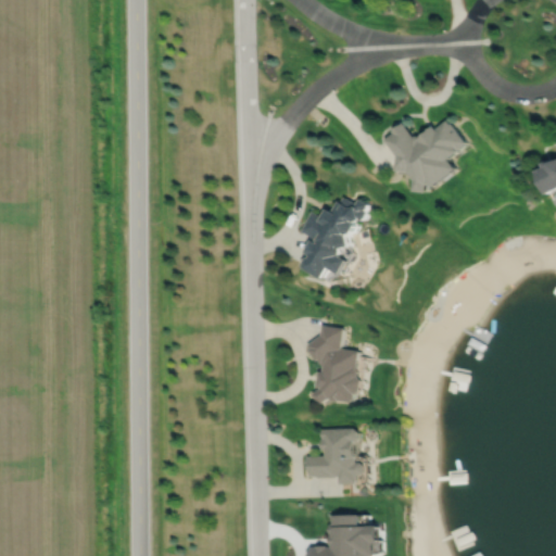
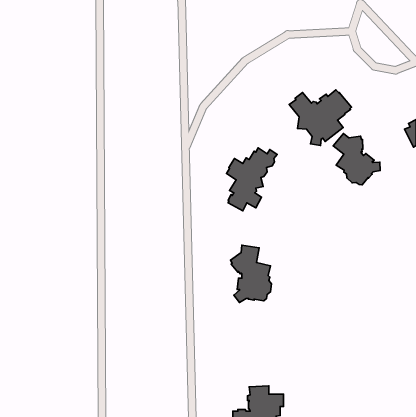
building: none -> [333,133,380,185]
building: [306,427,364,483] -> none

